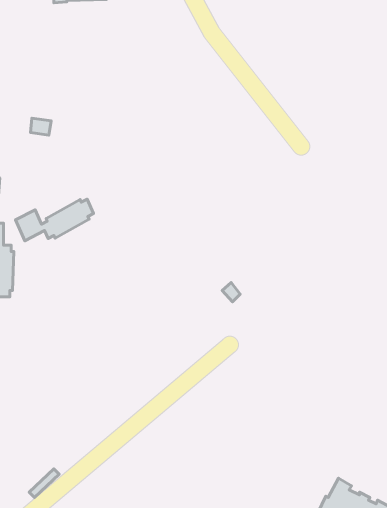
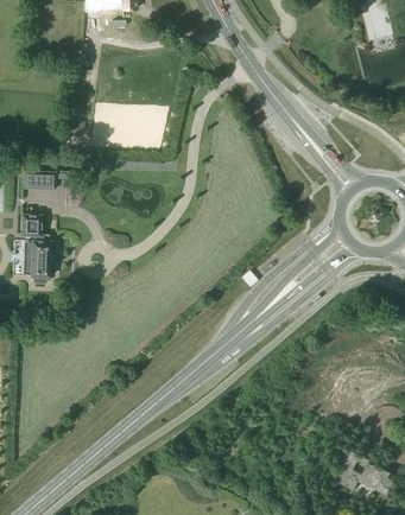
building: [15,199,94,241] -> none

